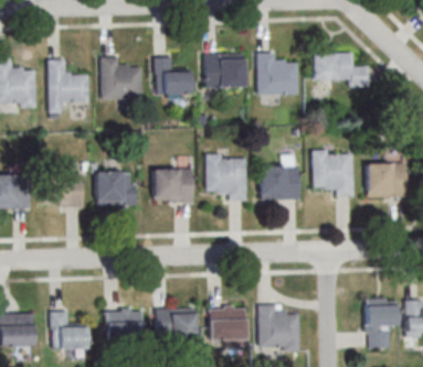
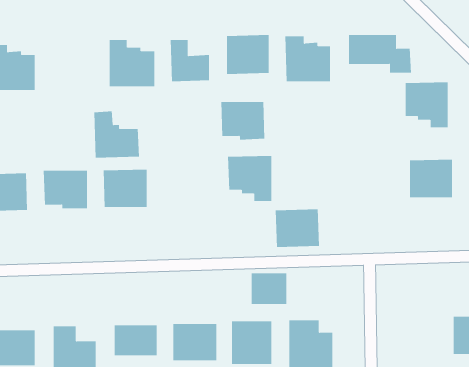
building: [47,60,88,101] -> [94,111,140,158]
building: [315,155,353,196] -> [405,82,448,128]
building: [260,166,299,201] -> [275,209,320,248]
building: [152,169,192,203] -> [220,102,265,140]
building: none -> [251,272,287,305]
building: [364,299,398,335] -> none

